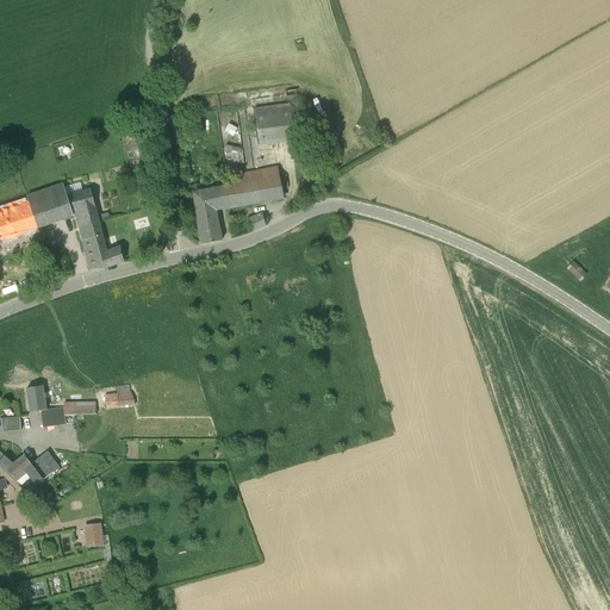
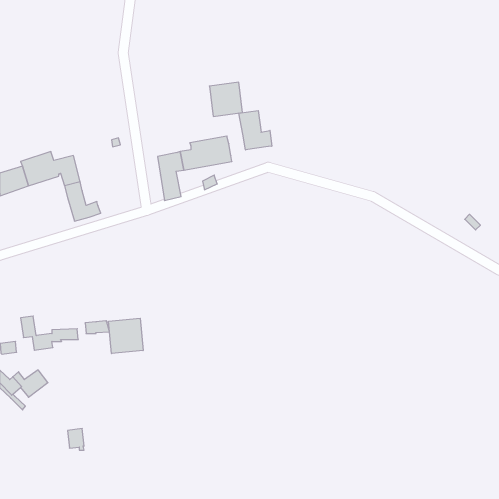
building: none -> [239,111,272,150]
building: none -> [109,318,143,354]

